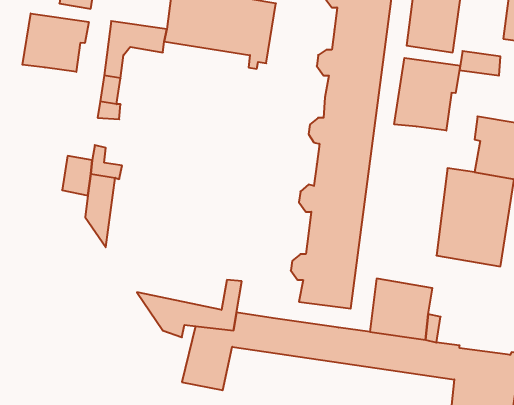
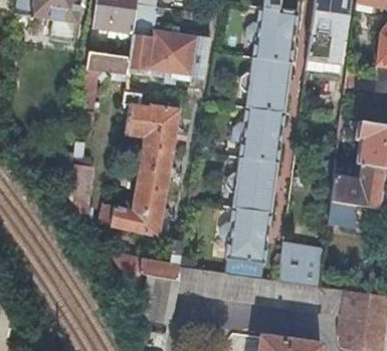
building: [22,13,89,72] -> none
building: [394,58,460,131] -> none
building: none -> [96,90,181,235]

